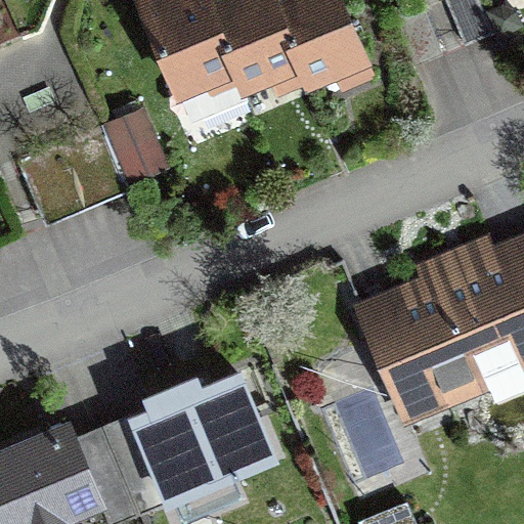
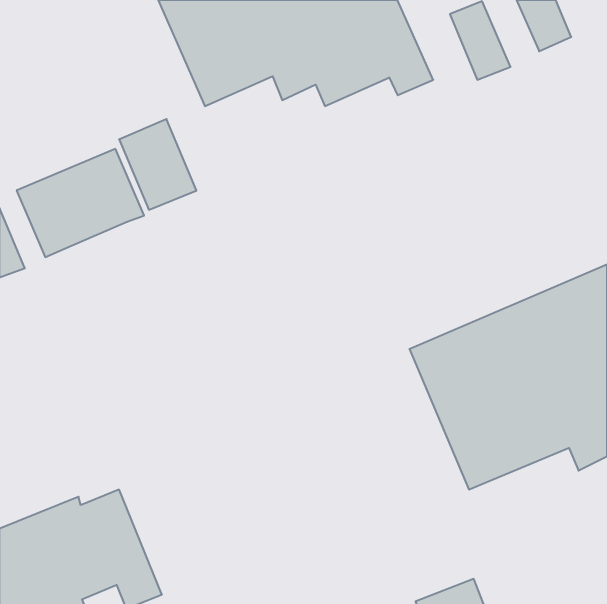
building: [102,363,279,515] -> none

